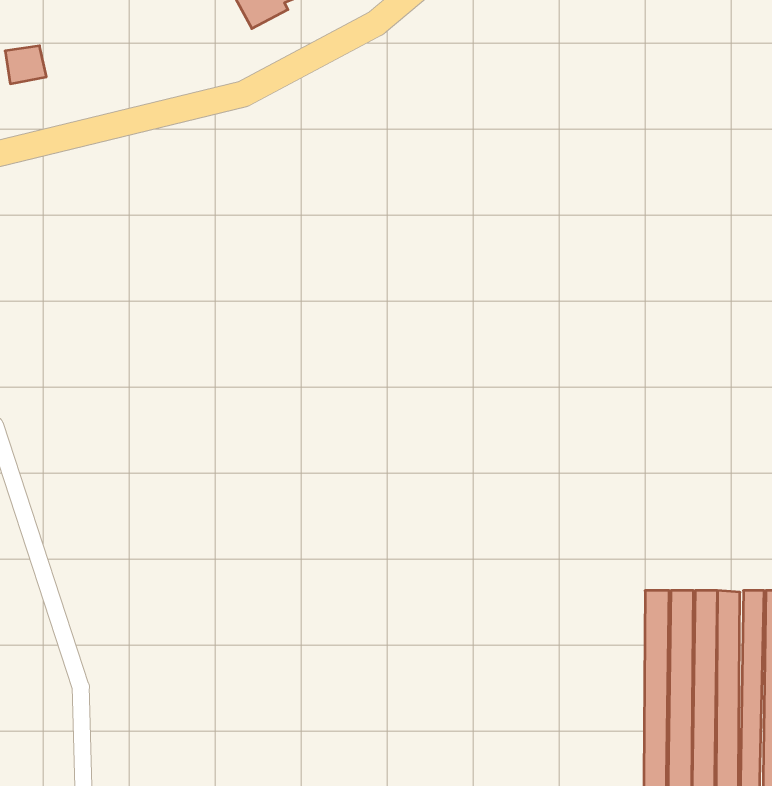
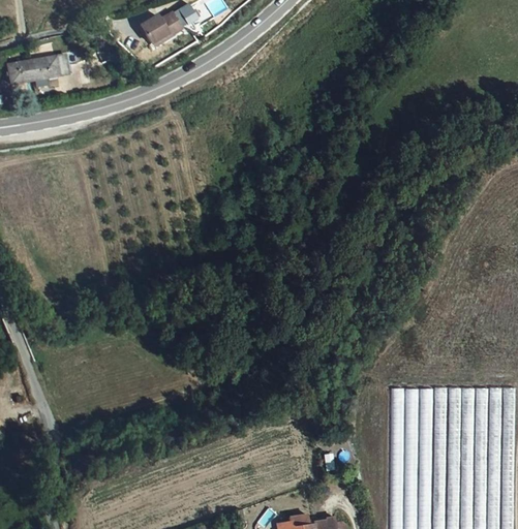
building: none -> [28,54,71,87]

